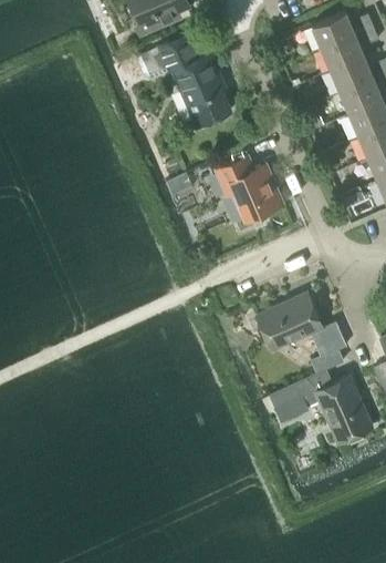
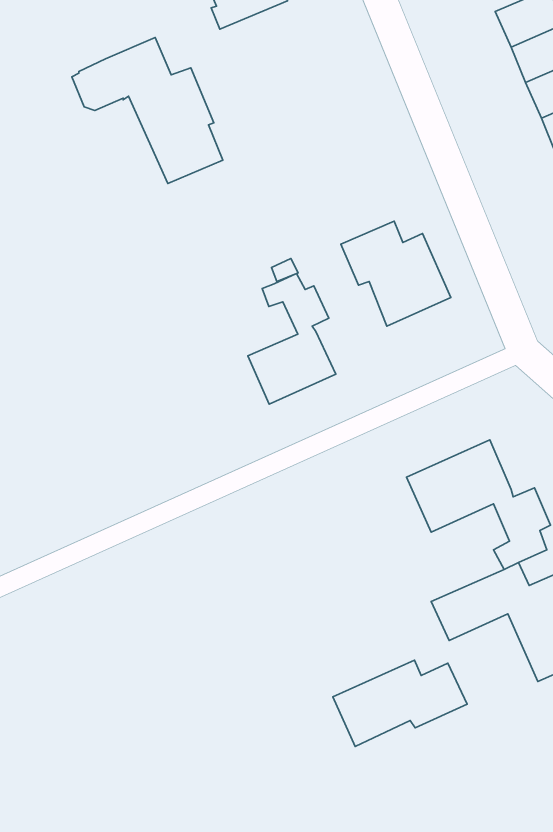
building: [136,35,230,126] -> [72,38,223,183]
building: none -> [248,273,336,404]
building: none -> [333,660,467,747]

